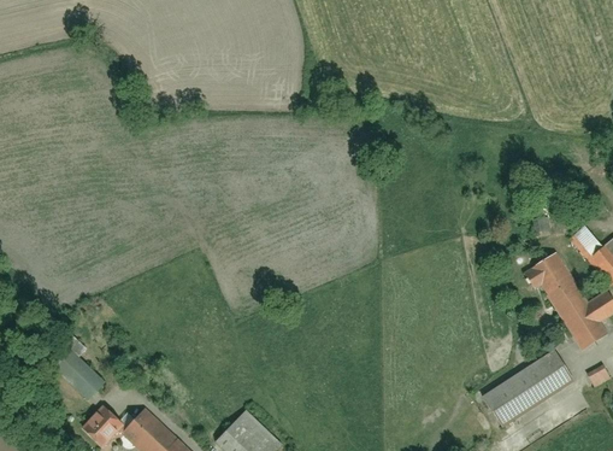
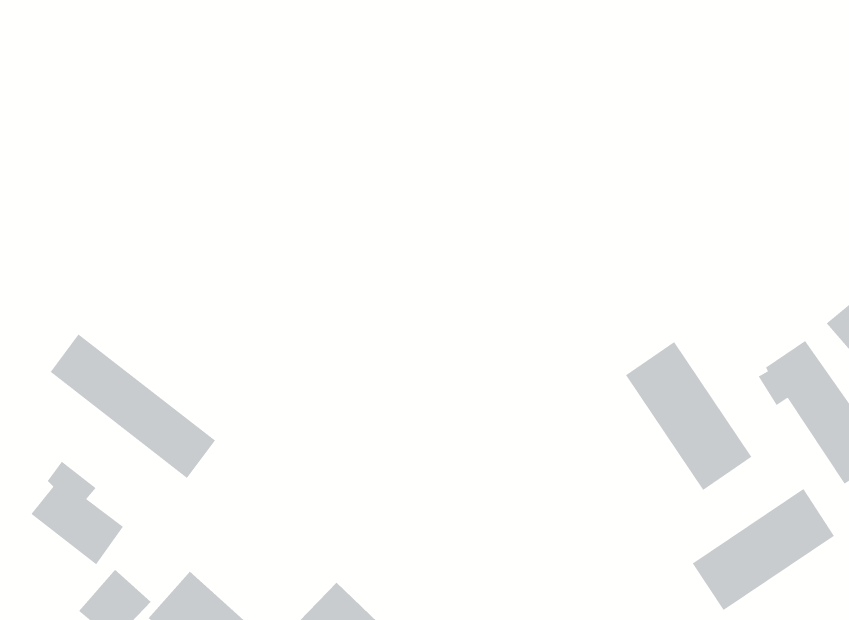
building: none -> [50,334,216,479]
building: none -> [625,341,752,491]

